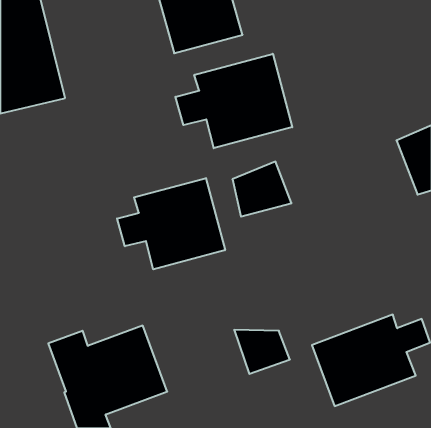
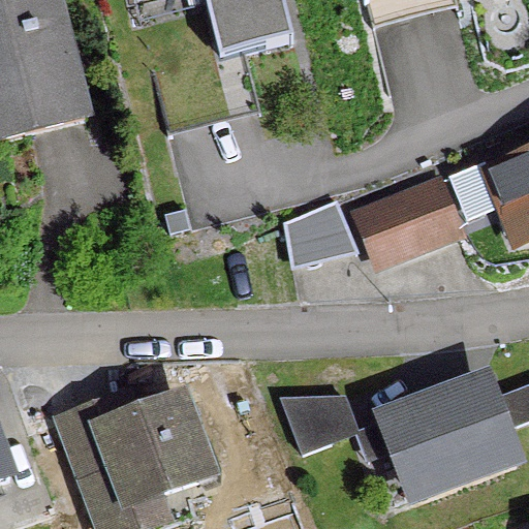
building: [175,54,292,148] -> none
building: none -> [352,169,468,269]
building: [117,178,225,269] -> none

